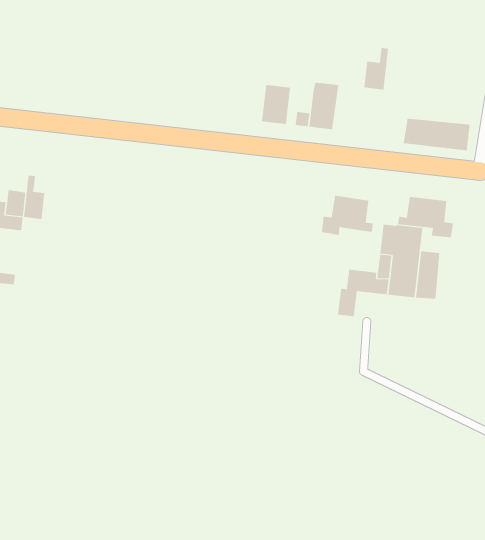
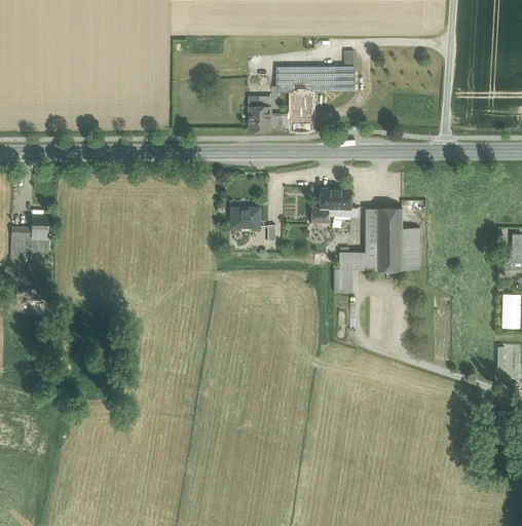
building: [403,118,471,151] -> [276,67,334,90]
building: [23,175,45,220] -> none
building: [398,196,454,238] -> none
building: none -> [230,208,259,227]

